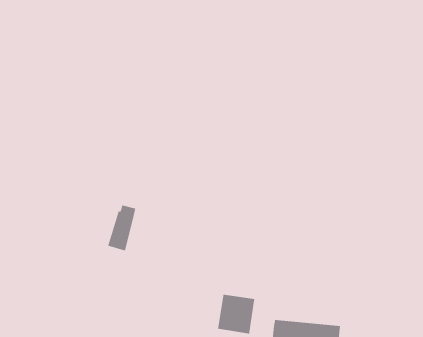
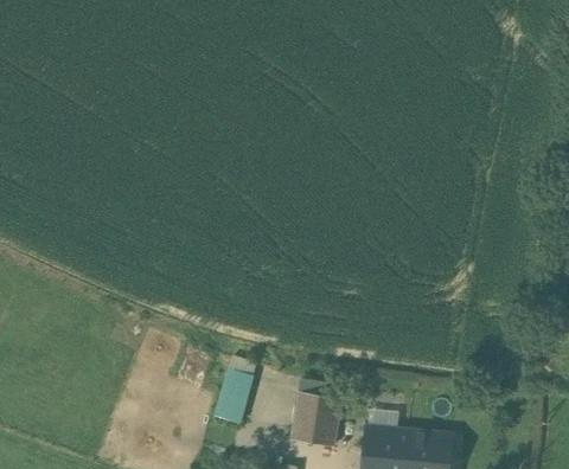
building: [107,205,136,251] -> [216,361,254,423]

